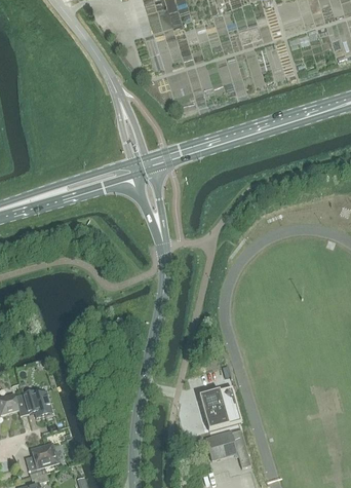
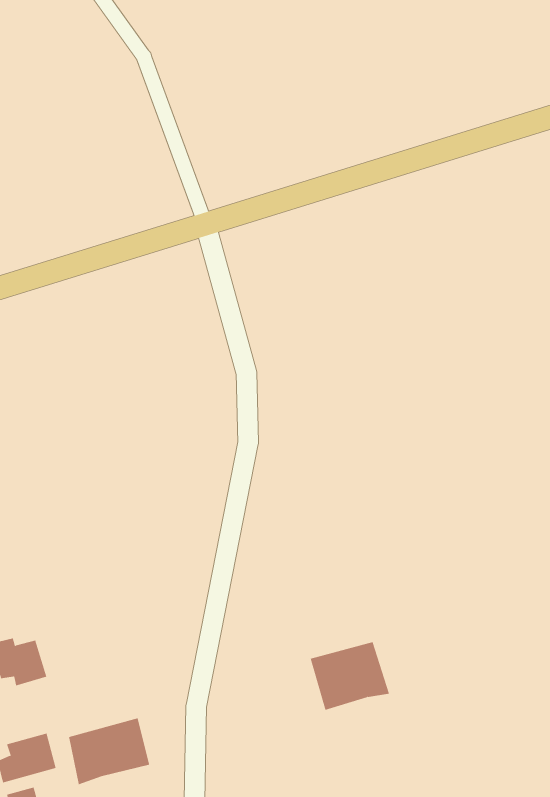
building: [204,429,250,467] -> none
building: none -> [68,718,150,785]

